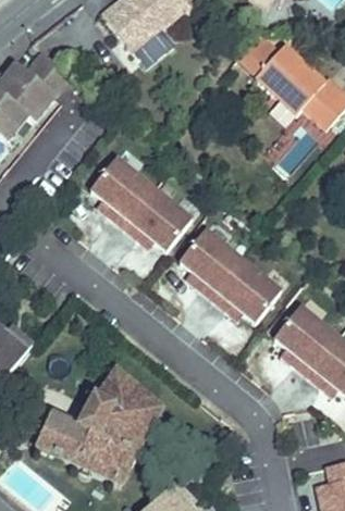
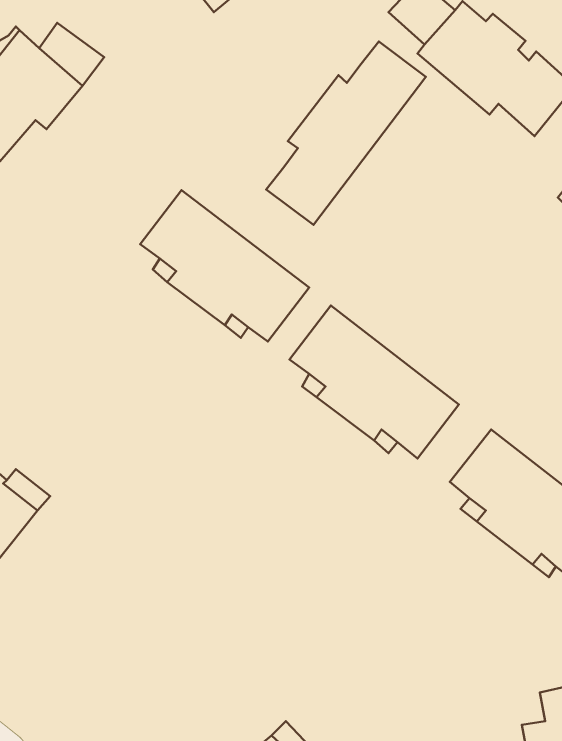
building: none -> [266,41,426,225]
building: [37,370,162,483] -> none

